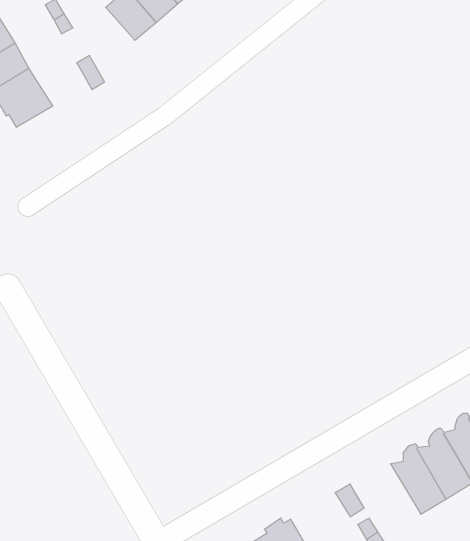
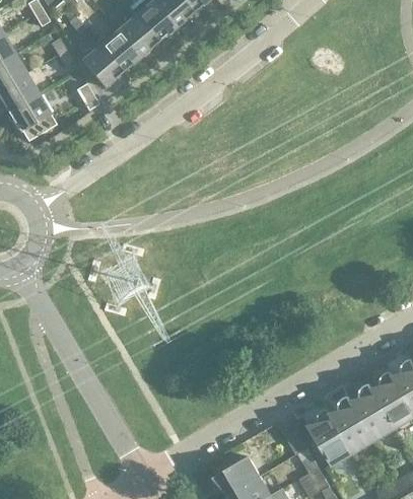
building: none -> [82,45,124,87]
building: none -> [308,408,354,465]

